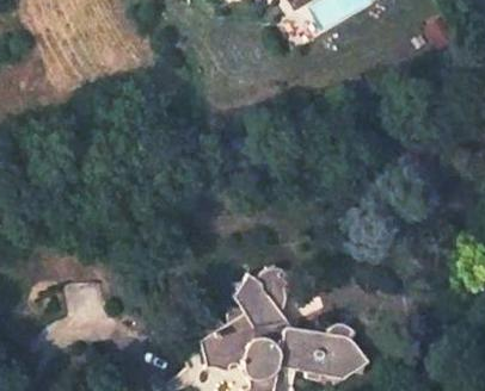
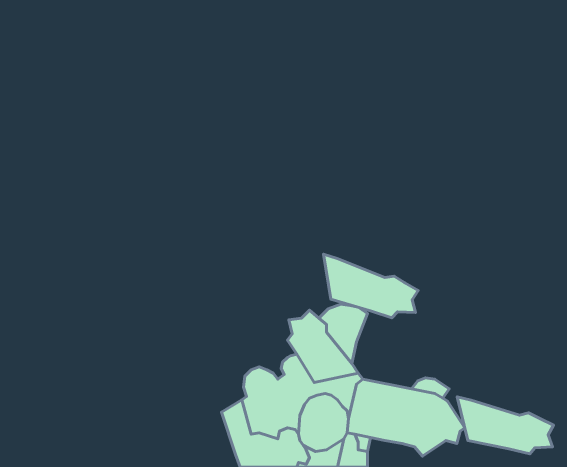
building: none -> [324,254,418,318]
building: none -> [457,397,553,454]

